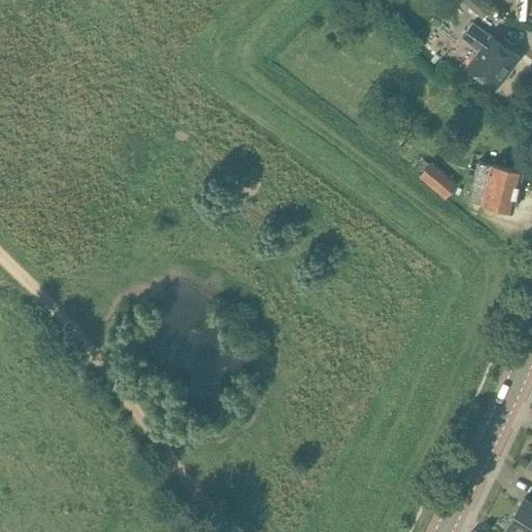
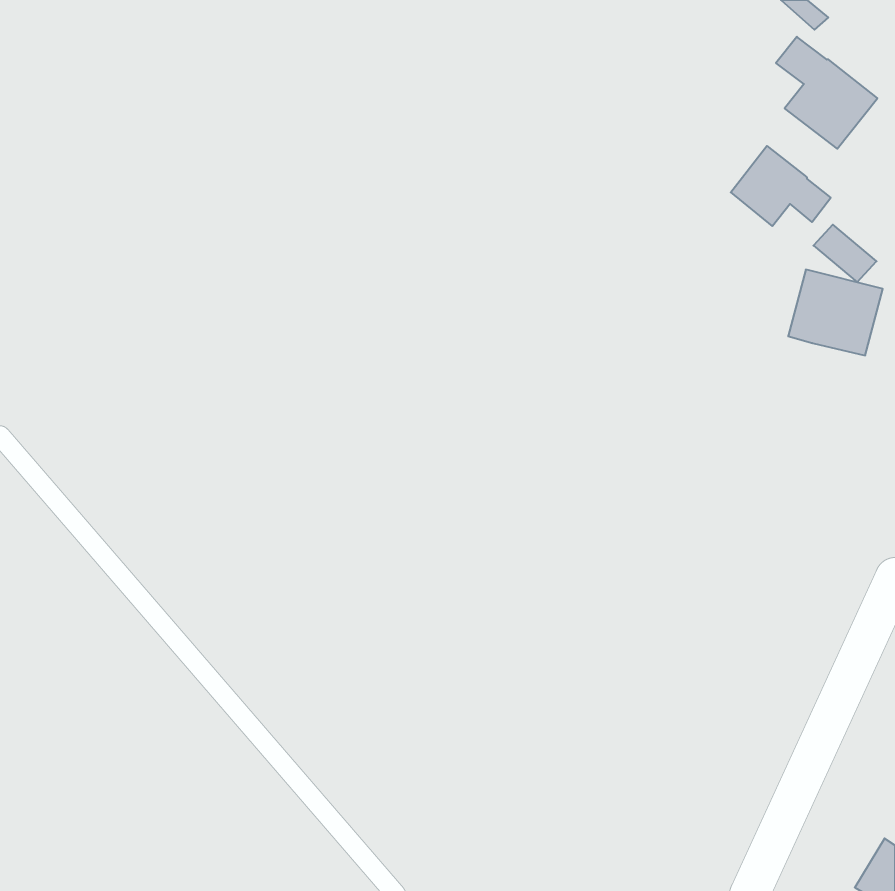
building: none -> [731,146,831,226]
building: [420,164,457,198] -> [813,225,877,282]

